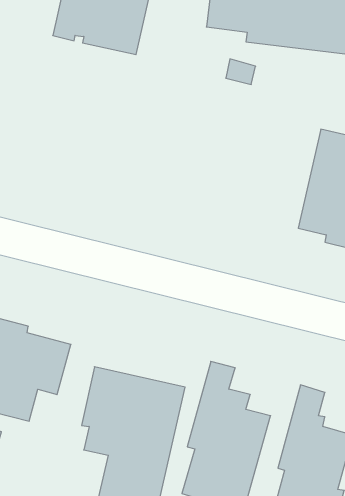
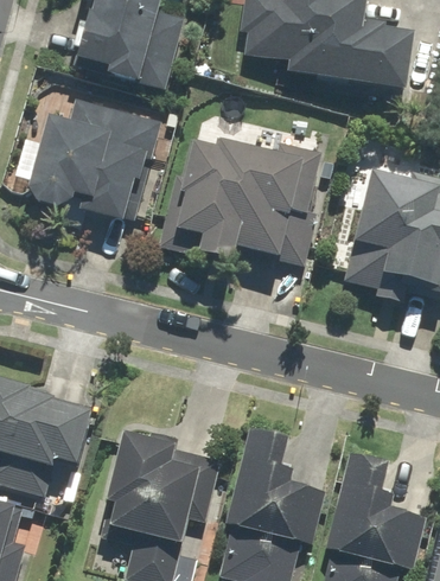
building: none -> [27,97,162,221]
building: none -> [160,138,323,260]

